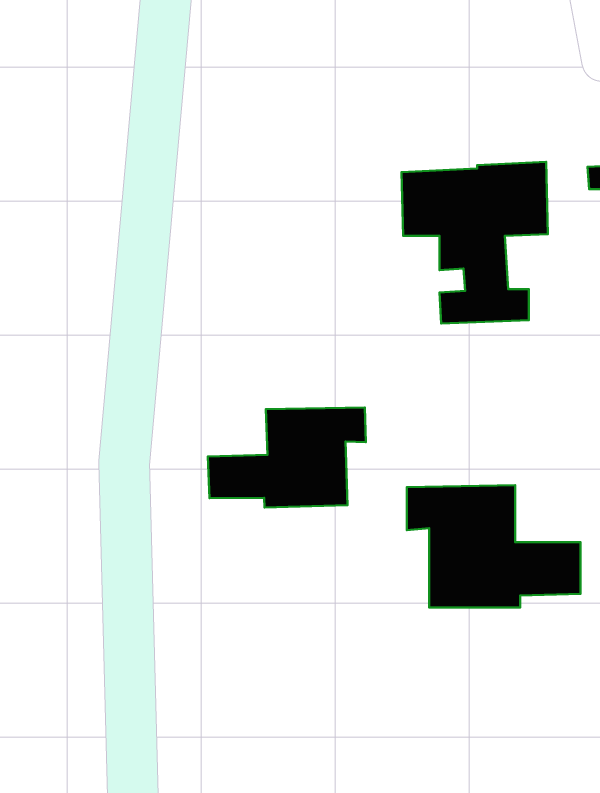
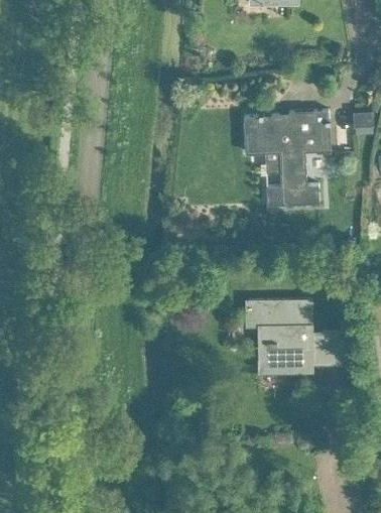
building: [208,407,366,508] -> none

